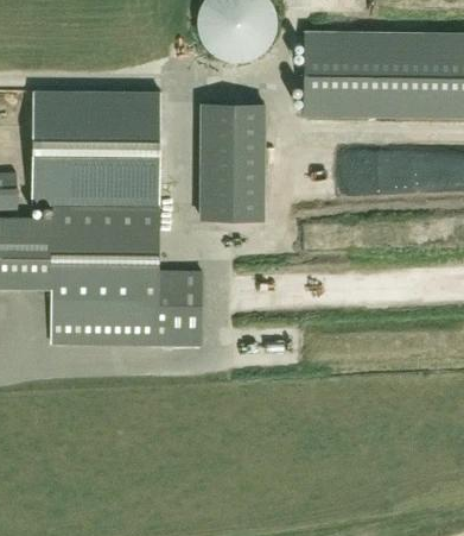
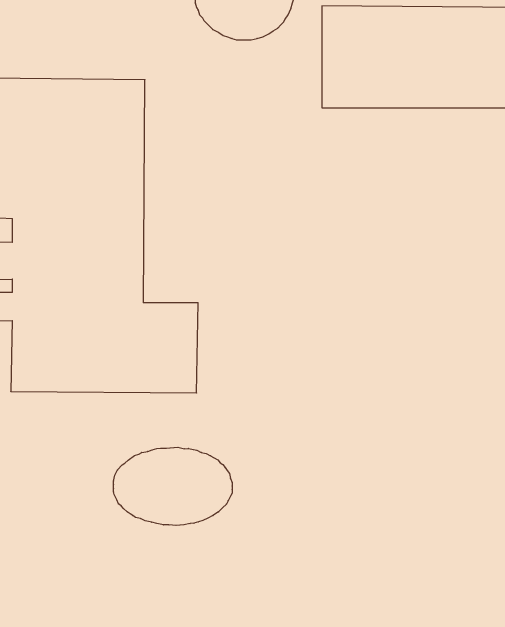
building: [201,103,263,220] -> none
building: none -> [114,447,232,525]

